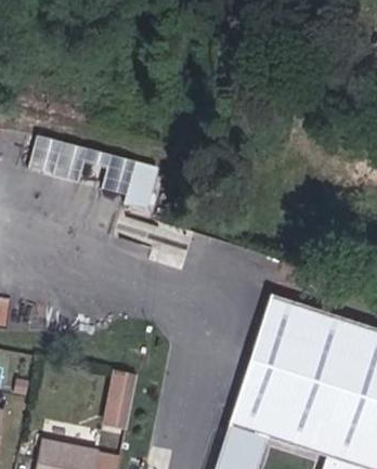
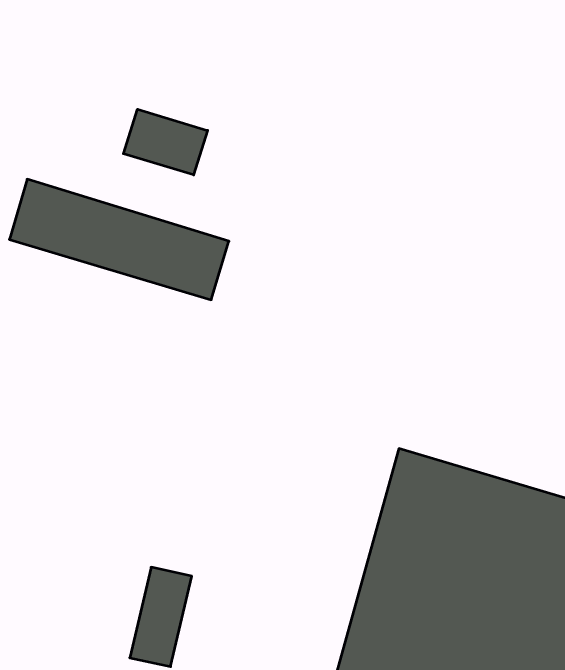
building: none -> [123,109,208,175]

